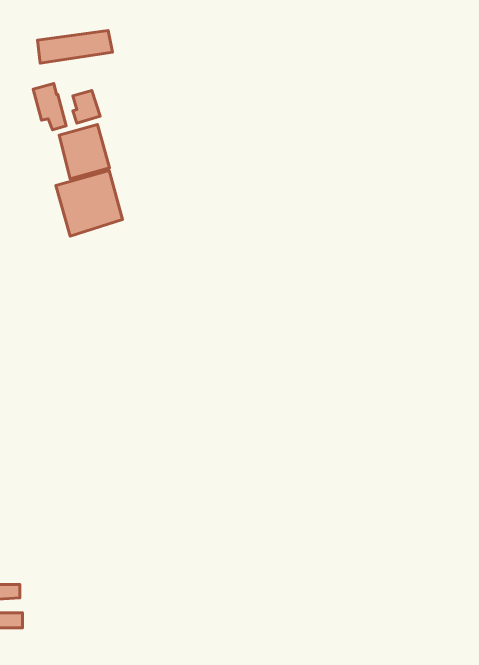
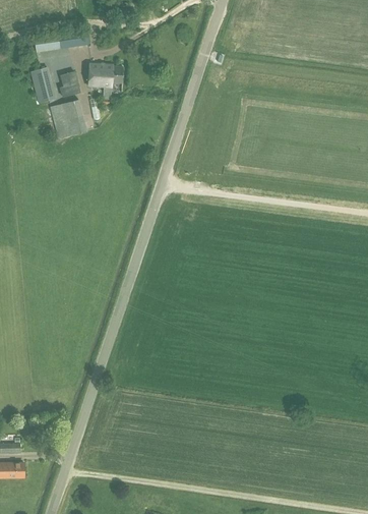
building: none -> [86,64,121,88]
building: [56,171,123,236] -> none

